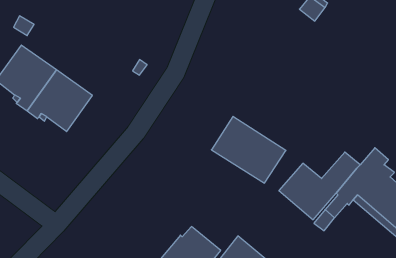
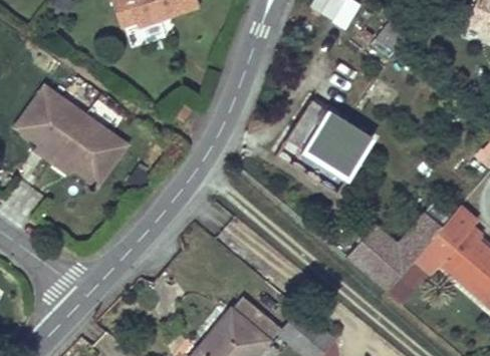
building: [211,116,286,183] -> [286,99,374,177]

